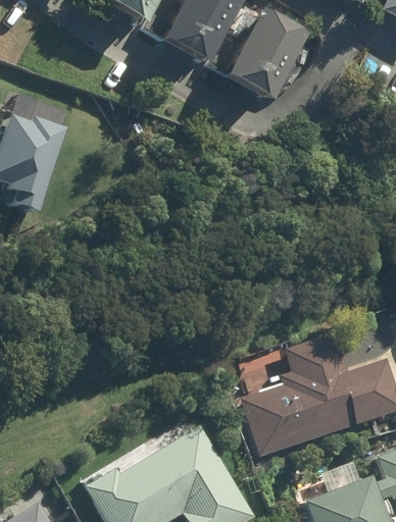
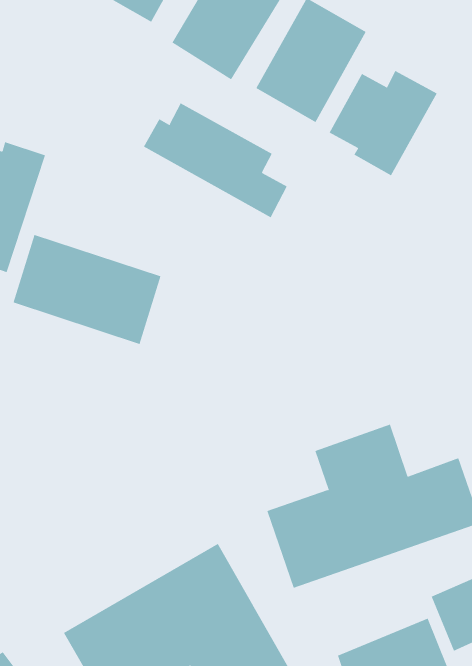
building: none -> [329,70,438,176]
building: none -> [143,103,288,218]
building: none -> [13,234,161,345]

